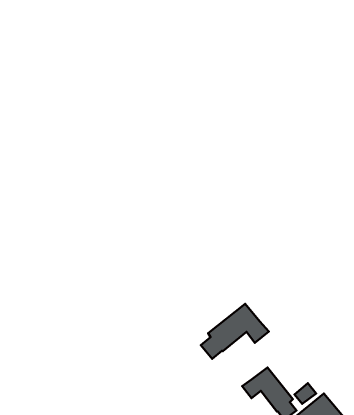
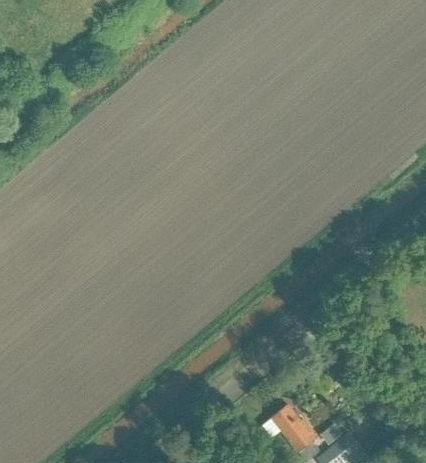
building: [201,304,269,359] -> none

